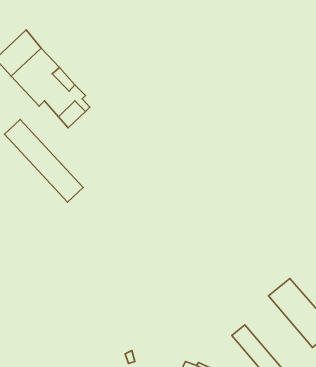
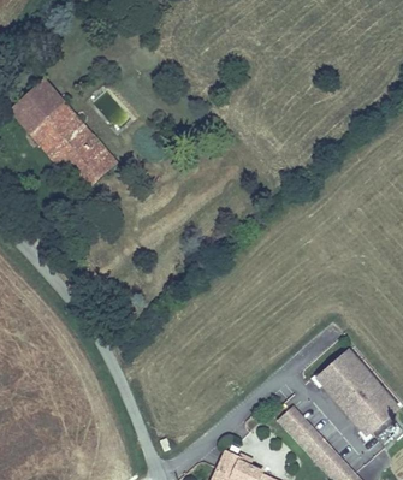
building: [4,120,83,202] -> none

